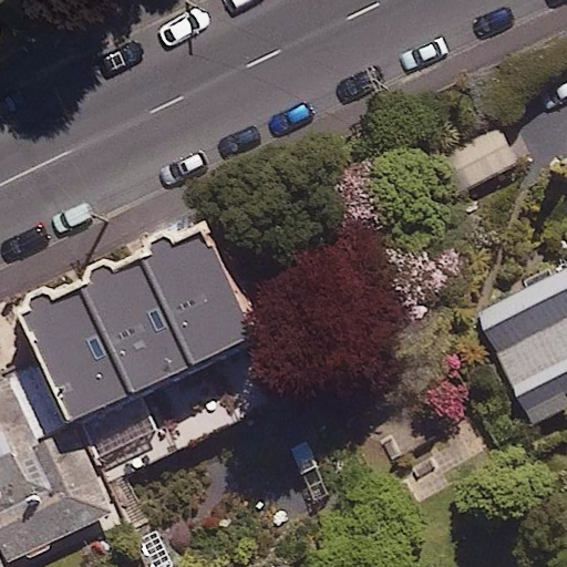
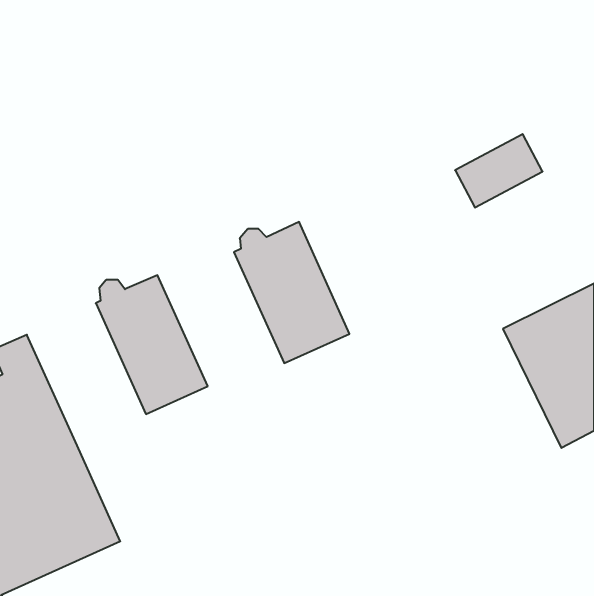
building: [150,233,259,367] -> [234,222,349,363]
building: [25,288,138,423] -> none

